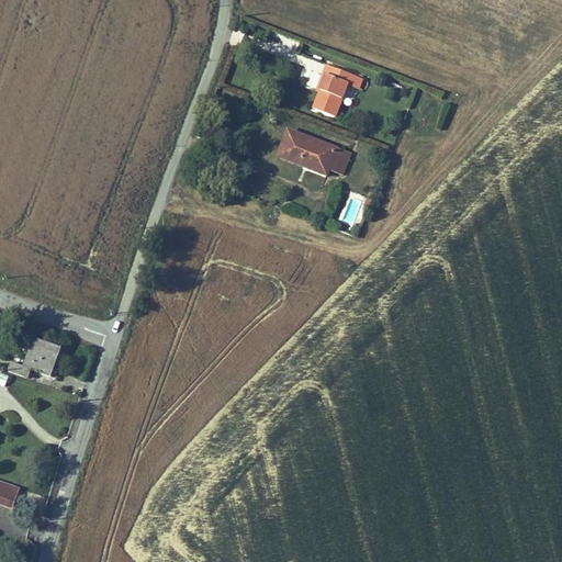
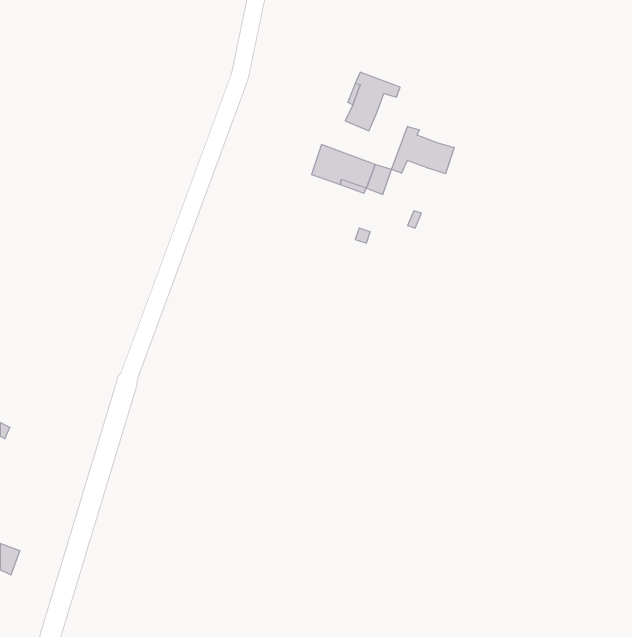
building: none -> [391,126,454,174]
building: [13,340,65,379] -> none

